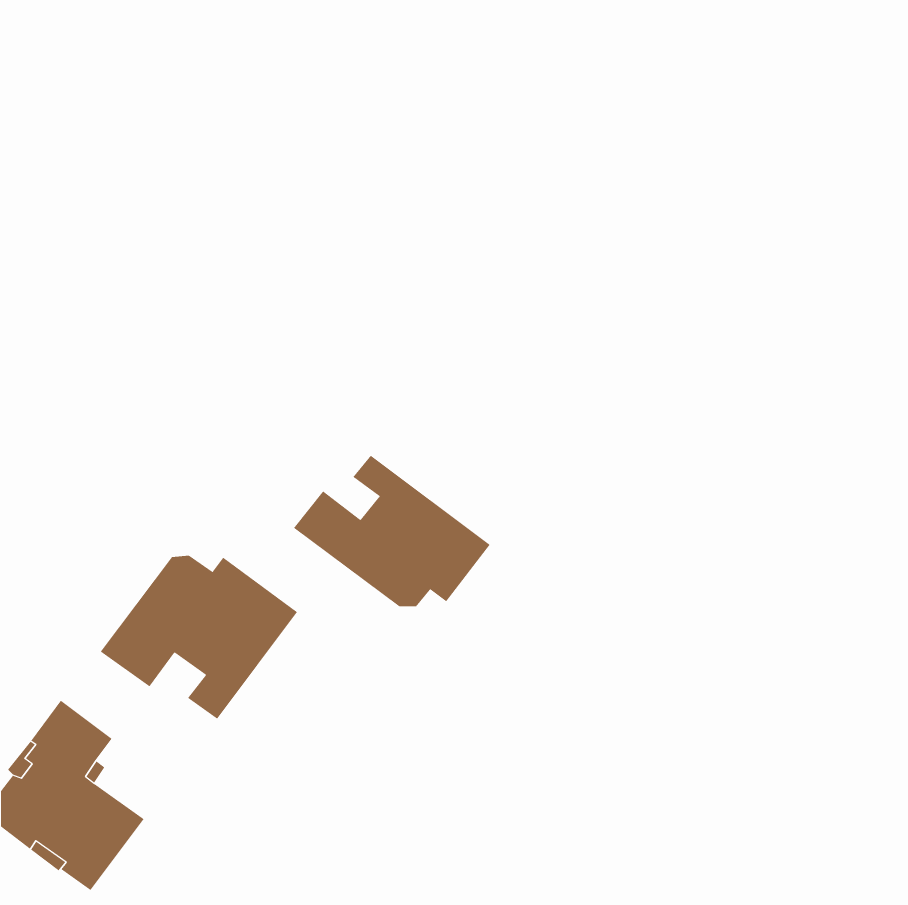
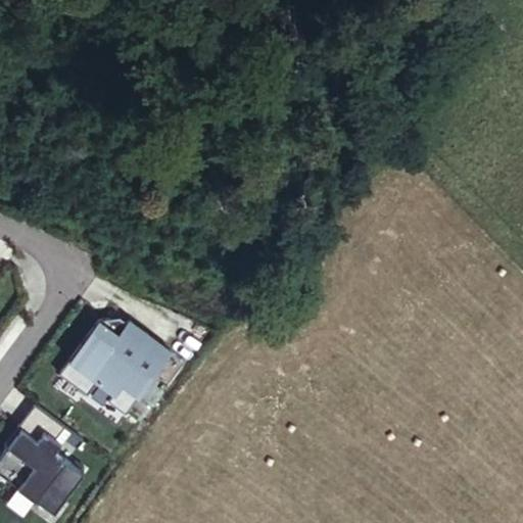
building: [293,455,490,607] -> none

